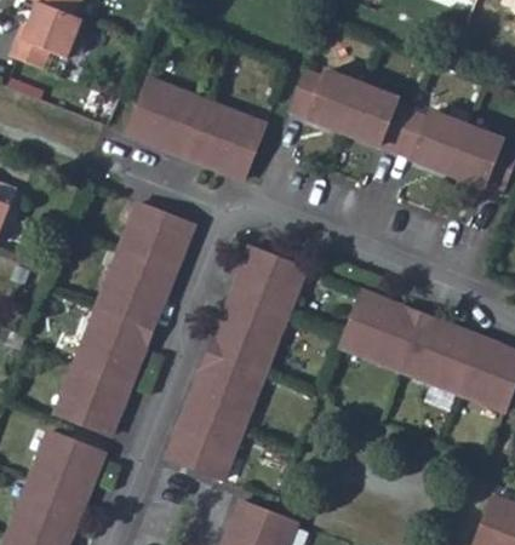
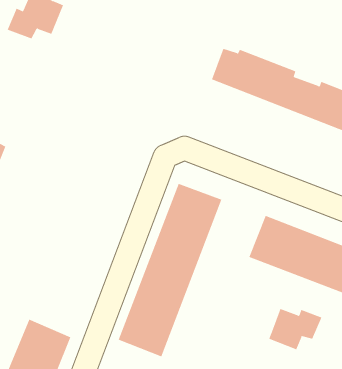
building: [132,79,264,178] -> none
building: [55,201,198,432] -> none
building: none -> [268,308,322,350]

